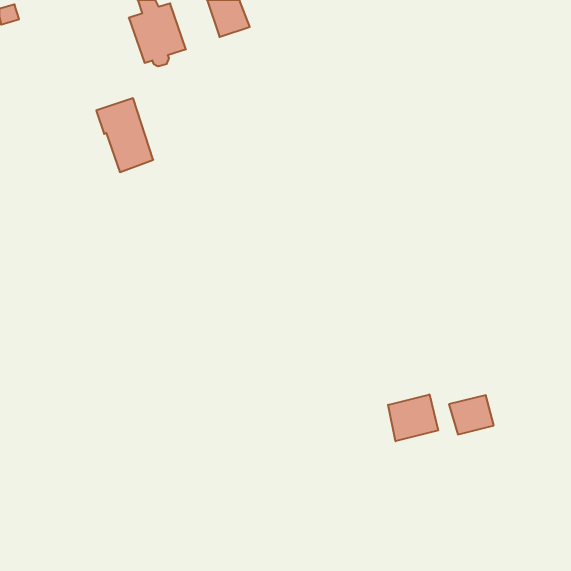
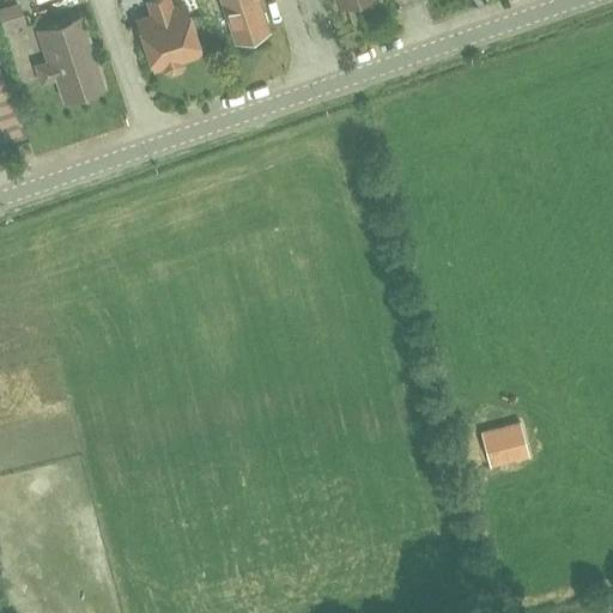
building: [96,98,153,172] -> [40,19,101,98]
building: [388,394,438,441] -> none

